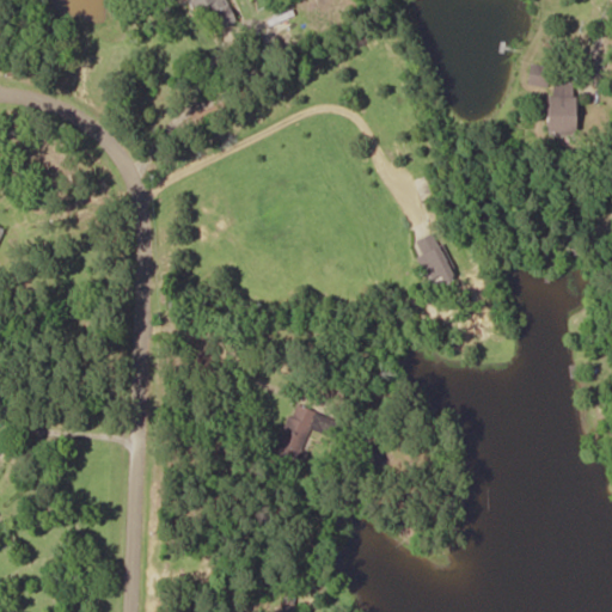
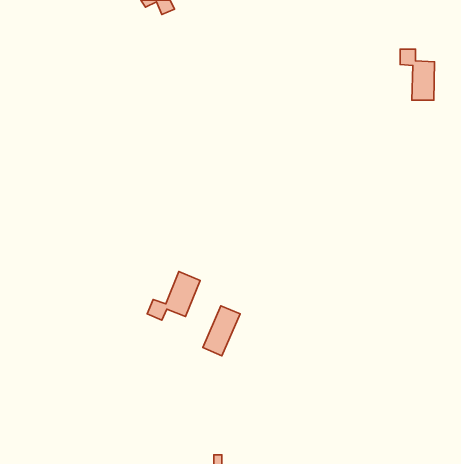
building: [415,233,455,286] -> none
building: none -> [147,271,200,320]

